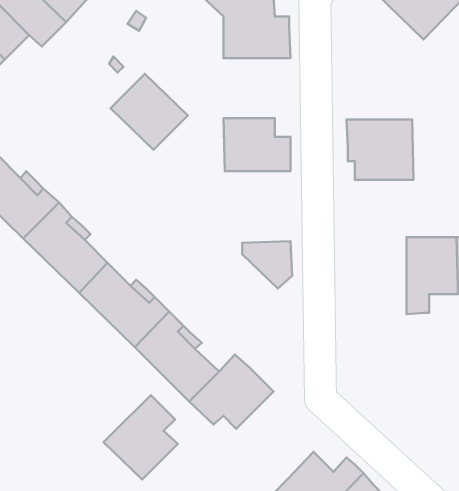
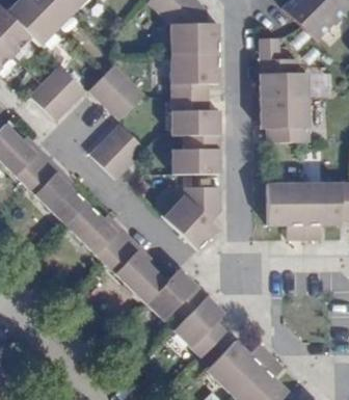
building: none -> [170,54,219,98]
building: none -> [260,59,307,99]
building: none -> [30,65,85,122]
building: none -> [89,125,145,180]
building: none -> [171,136,219,176]
building: none -> [266,184,303,240]
building: none -> [162,196,218,250]
building: [104,395,178,479] -> [172,296,226,357]

